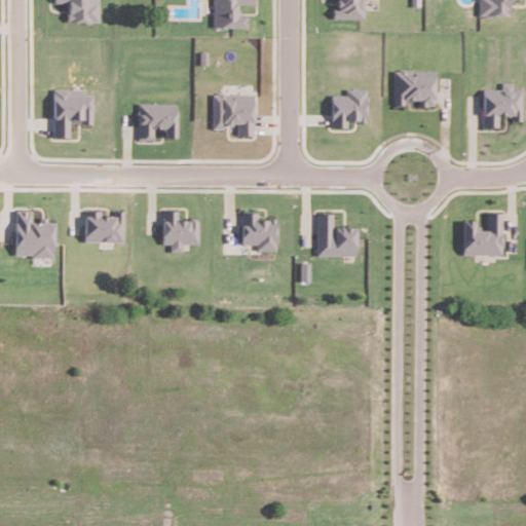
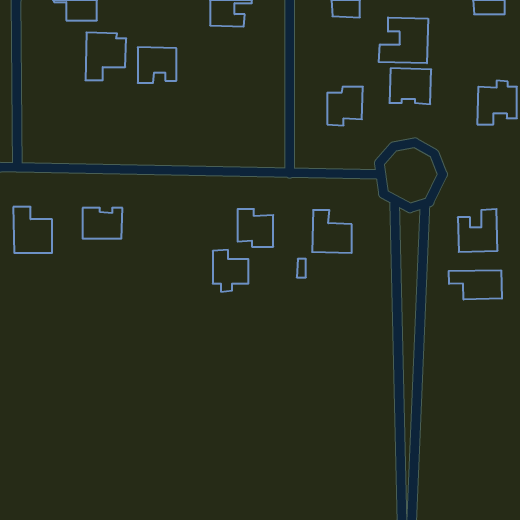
building: none -> [379,17,428,63]
building: [51,88,92,137] -> [85,32,126,80]
building: [212,93,254,135] -> none
building: [138,103,177,139] -> [138,47,176,83]
building: [162,210,198,252] -> [213,250,248,292]
building: none -> [449,270,502,300]

